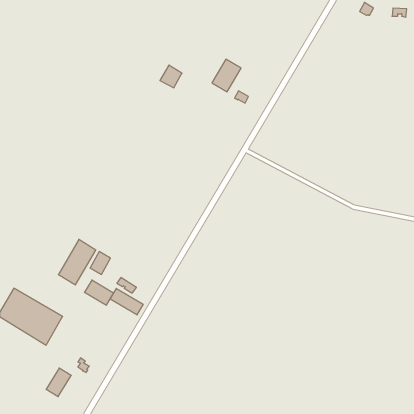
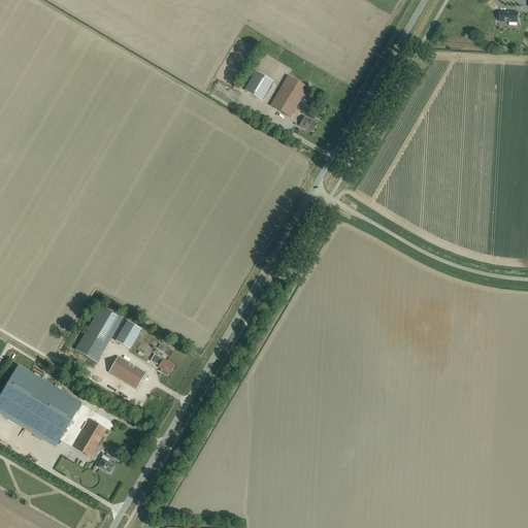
building: [160,65,182,88] -> [243,70,271,99]
building: [110,288,143,315] -> none
building: [46,368,71,397] -> [73,420,105,456]

